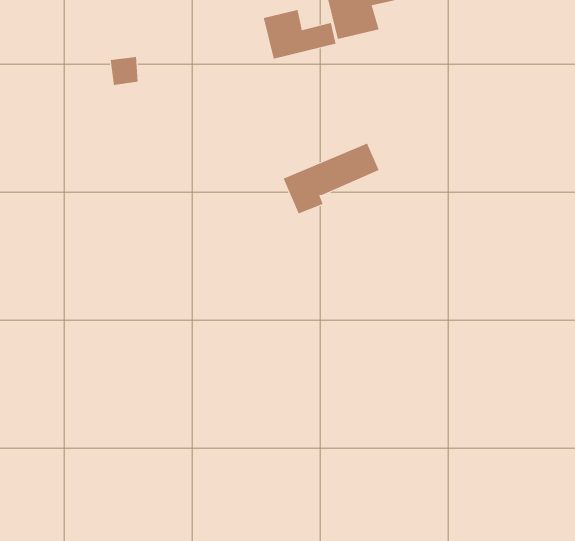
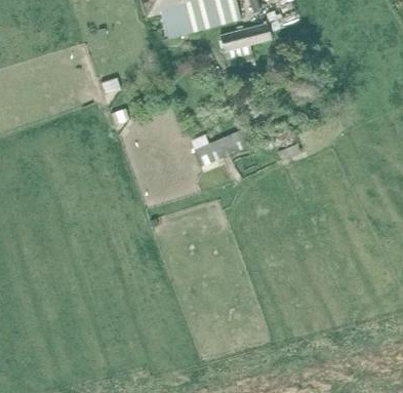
building: [263,9,336,59] -> none

